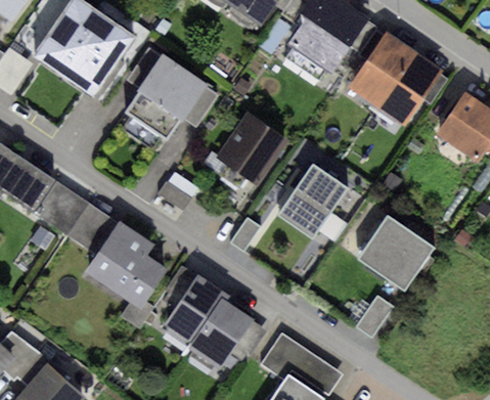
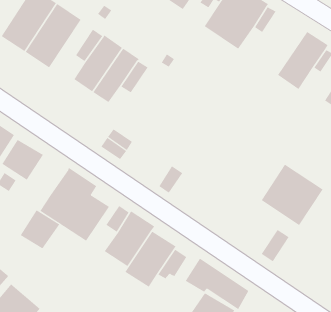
building: [349,31,414,104] -> none
building: [218,113,288,184] -> none
building: [278,163,348,238] -> none
building: [68,204,118,253] -> [20,209,60,249]

